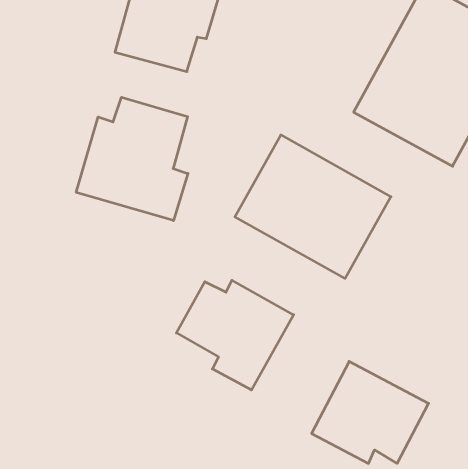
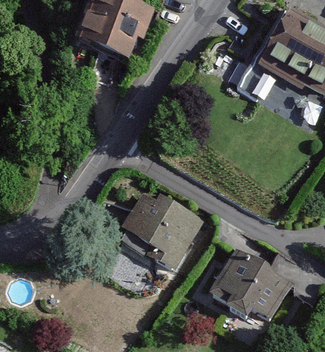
building: [76,97,188,221] -> none
building: [235,135,391,278] -> none

